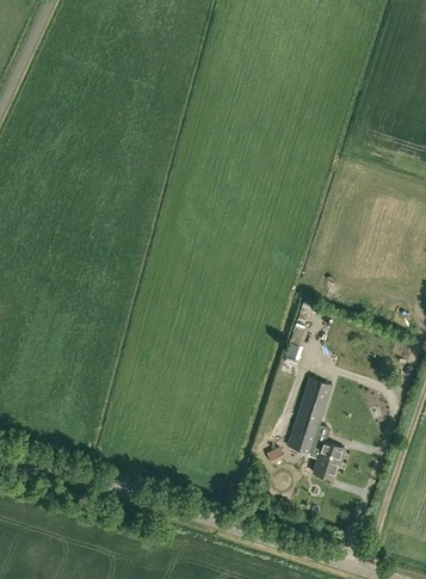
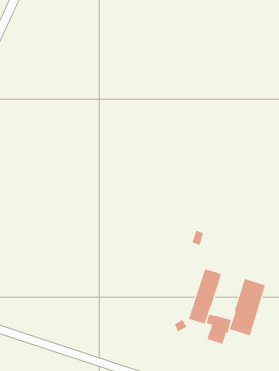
building: none -> [229,278,265,336]

